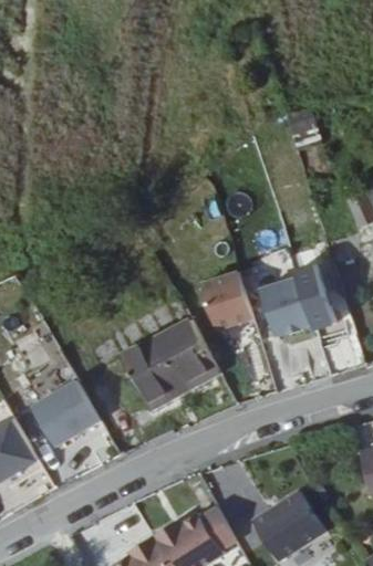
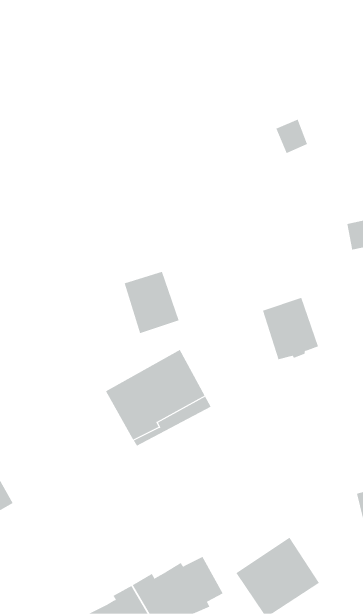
building: [301,259,341,325] -> none
building: [208,268,259,325] -> [124,271,179,334]
building: [38,386,104,451] -> none

